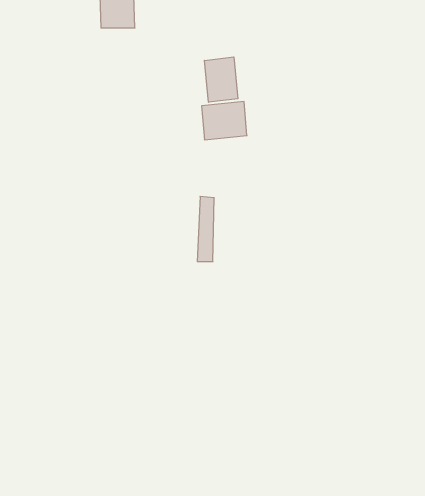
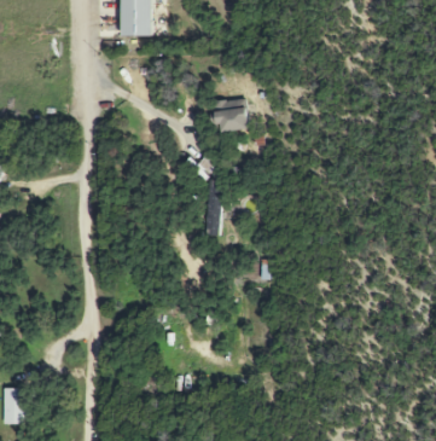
building: [204,57,238,102] -> none

